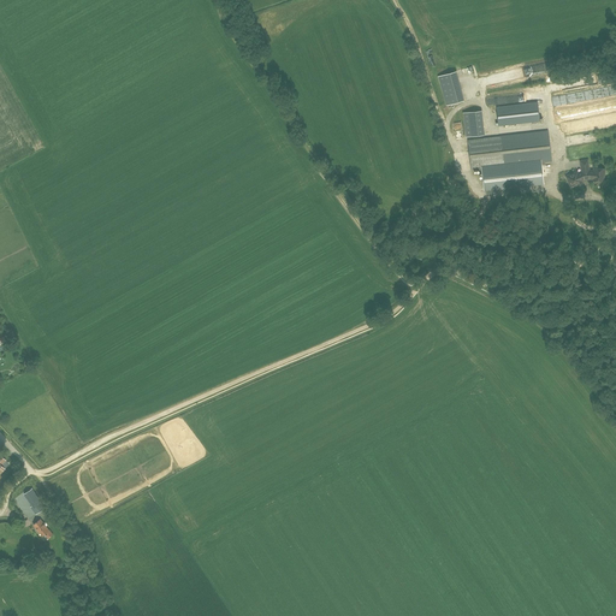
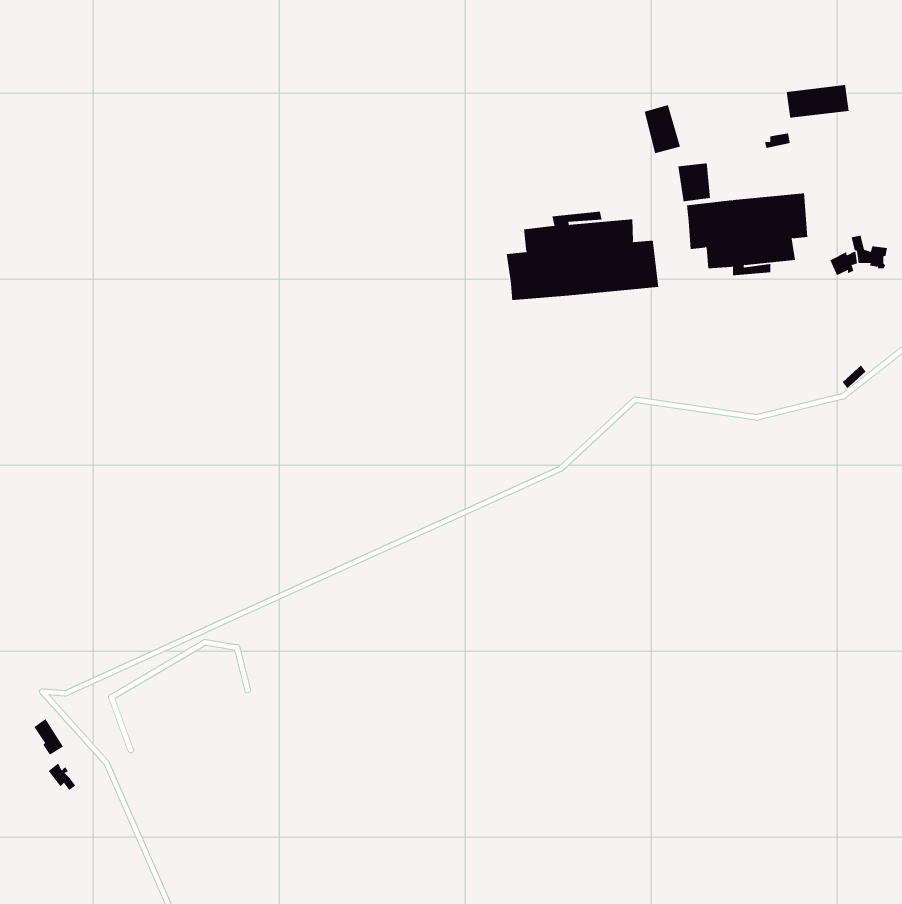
building: [496,102,539,125] -> [786,85,850,118]
building: none -> [506,211,659,301]

